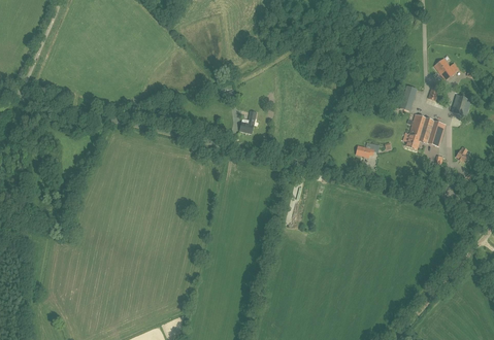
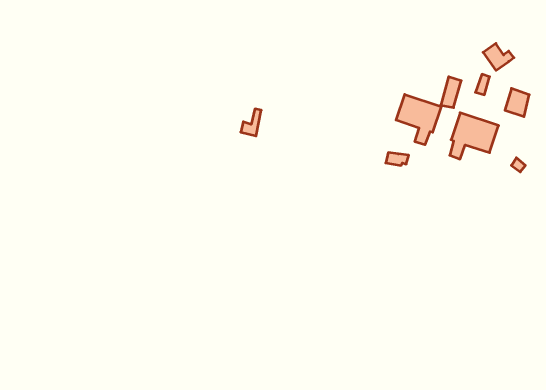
building: none -> [396,94,441,145]

